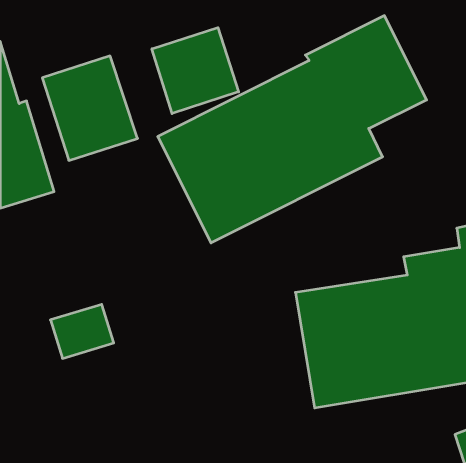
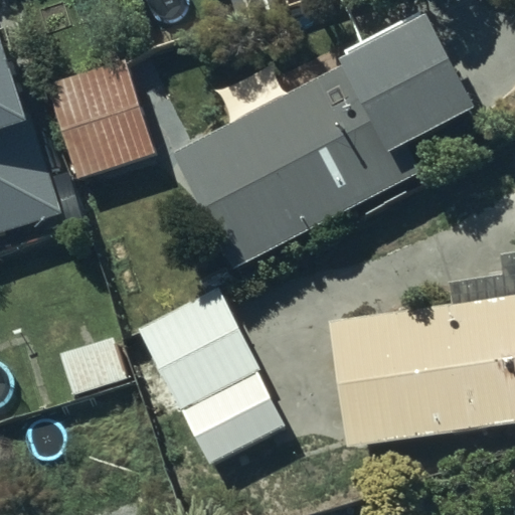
building: [152,28,239,114] -> none
building: none -> [136,285,286,468]

